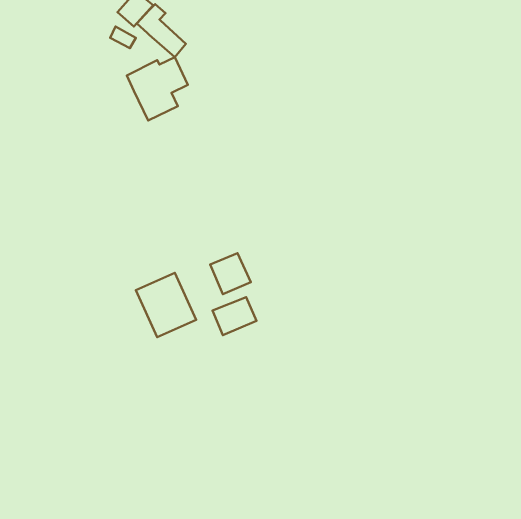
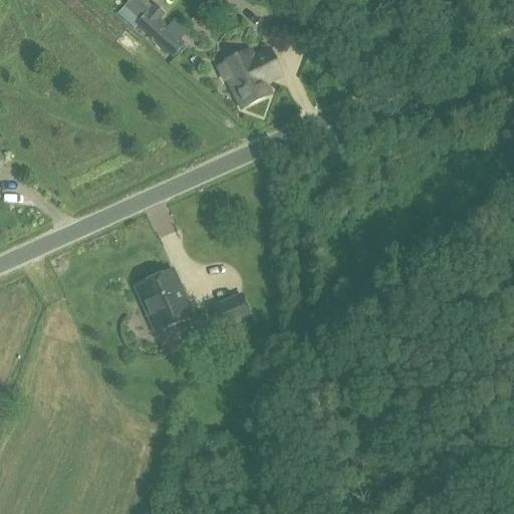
building: [127,57,188,121] -> [220,44,280,106]
building: [210,253,251,294] -> none

